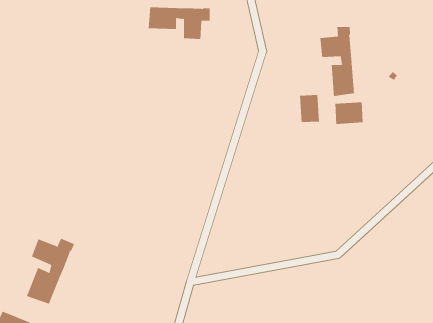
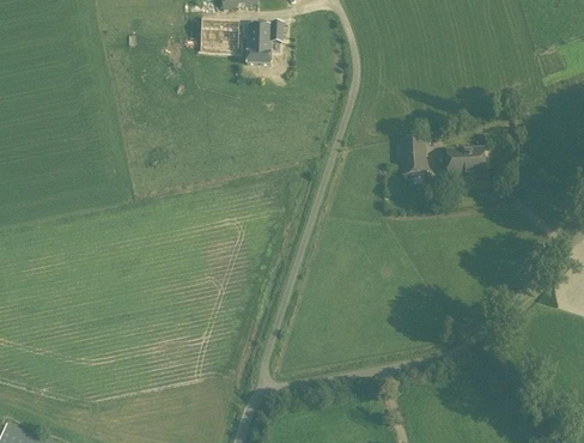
building: [320,26,355,97] -> none
building: [26,238,75,304] -> none

